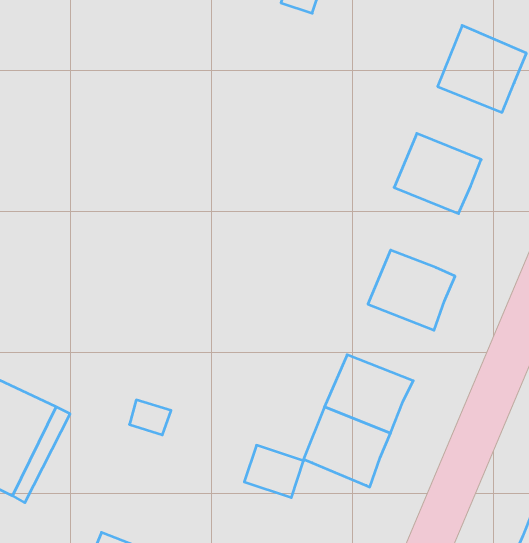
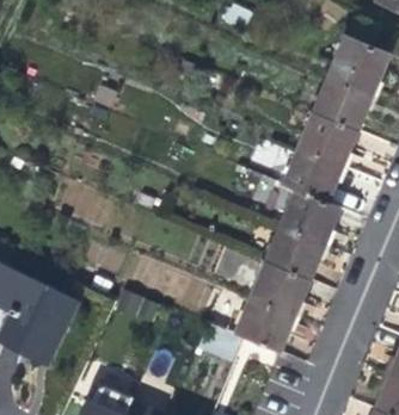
building: none -> [313,79,372,129]
building: none -> [282,148,342,203]
building: none -> [265,228,325,280]

